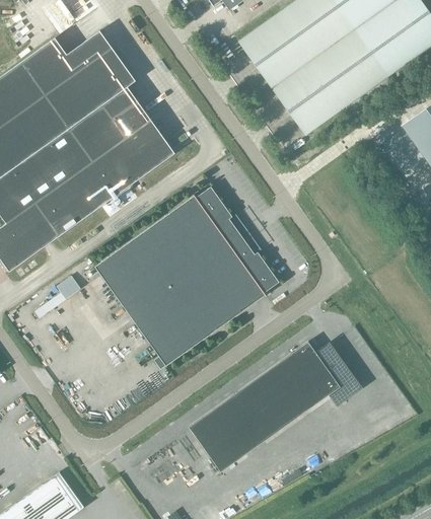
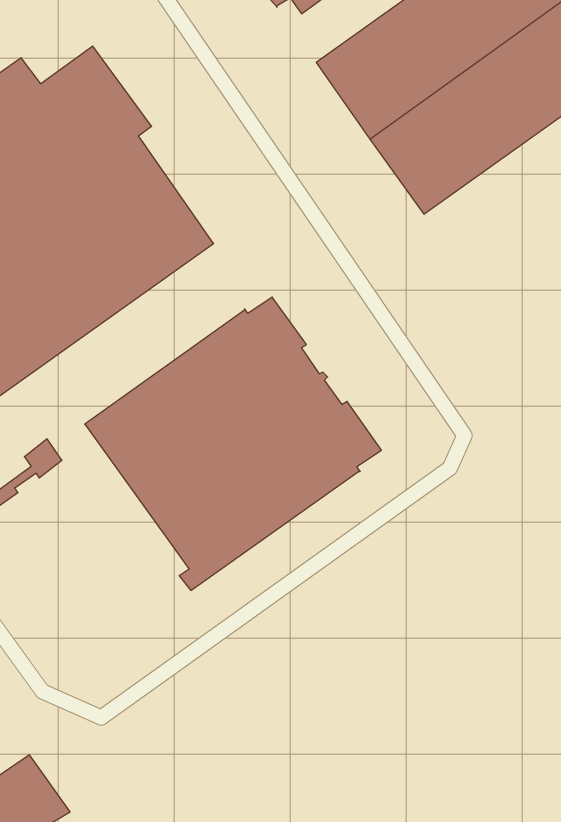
building: [189,342,360,476] -> none

